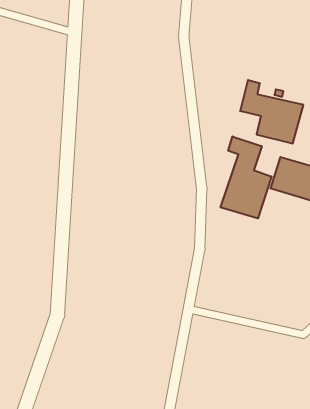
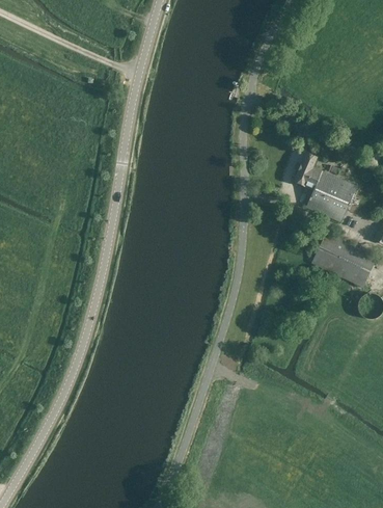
building: [221,136,272,218] -> none

